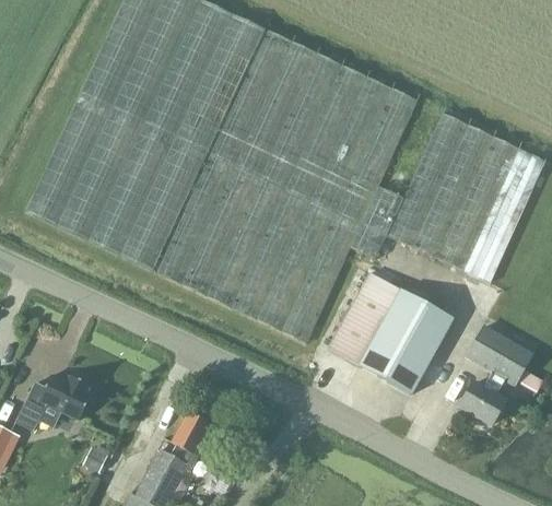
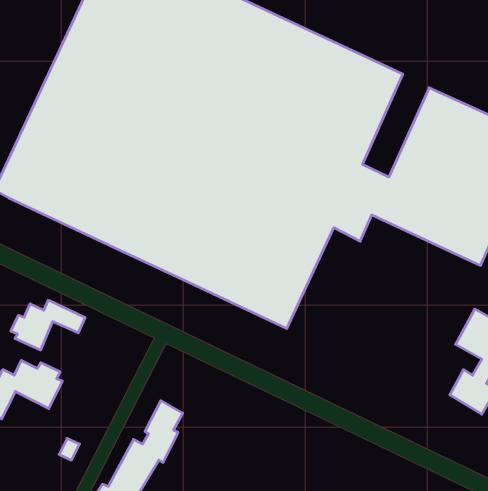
building: [327,271,454,393] -> none
building: none -> [11,300,85,350]

